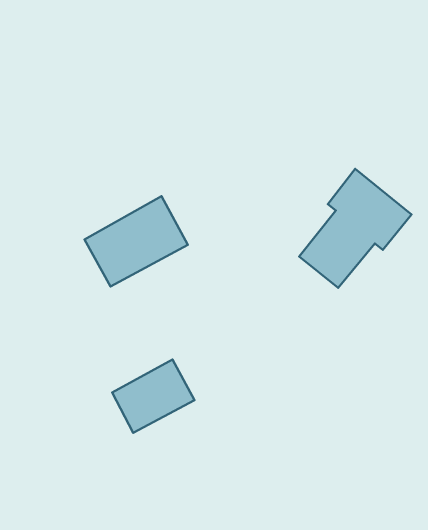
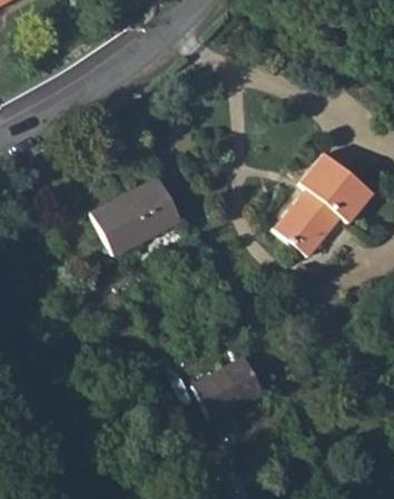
building: [112,360,195,433] -> [194,356,264,419]

